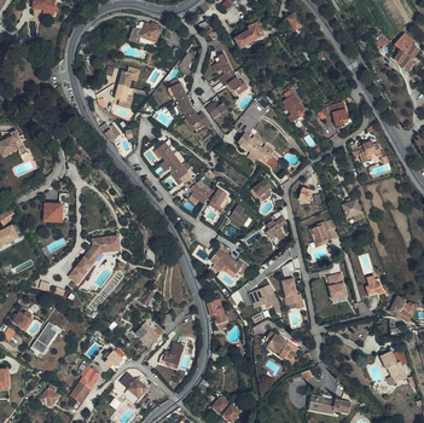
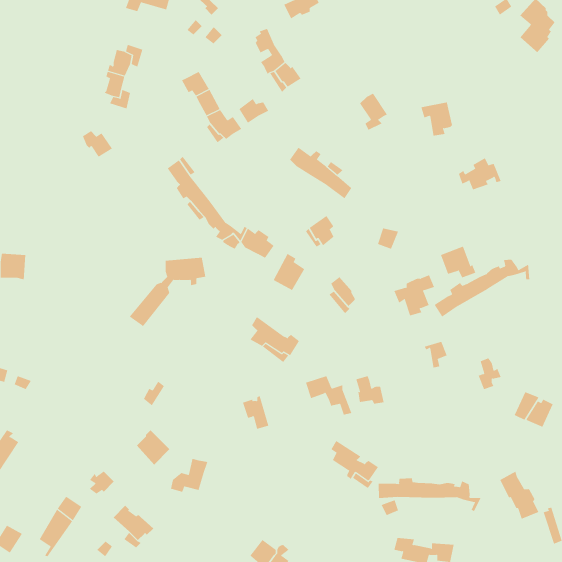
building: none -> [434,259,530,317]
building: [68,237,120,284] -> [129,257,206,327]
building: none -> [378,478,481,512]

